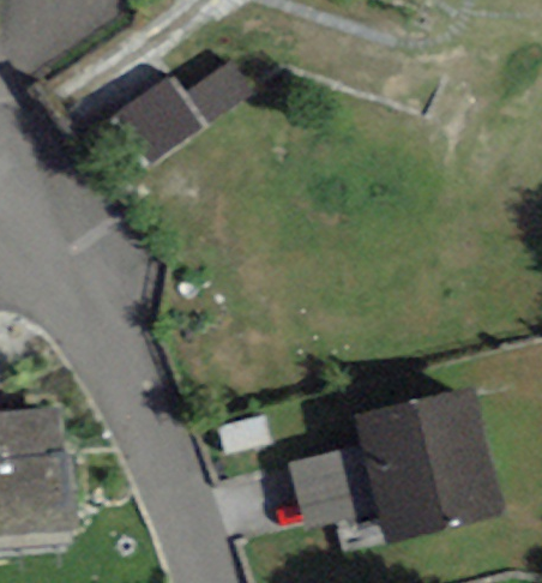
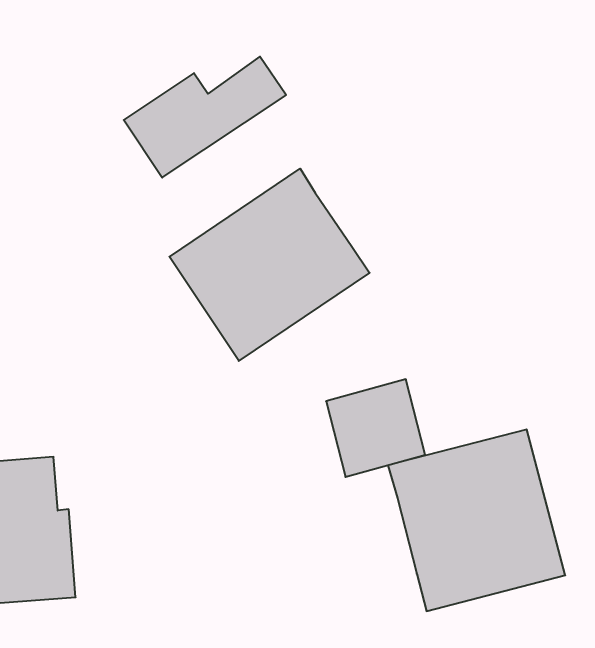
building: none -> [169,169,370,361]
building: [285,444,372,529] -> [326,379,425,477]

